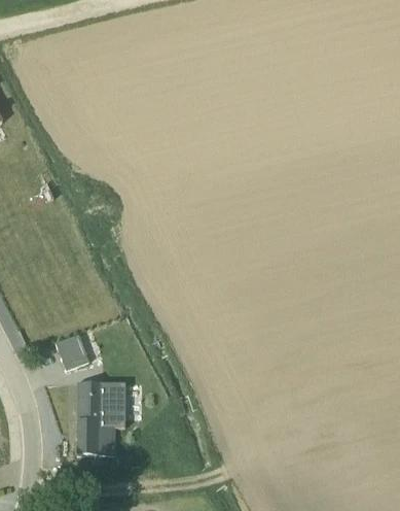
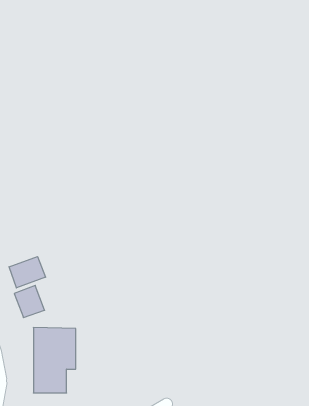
building: none -> [9,257,46,288]

